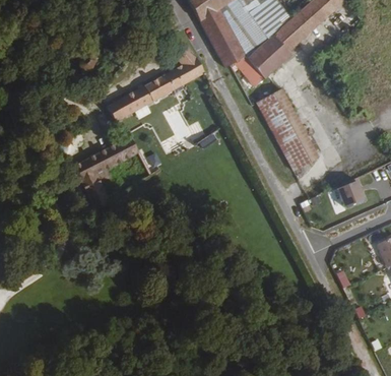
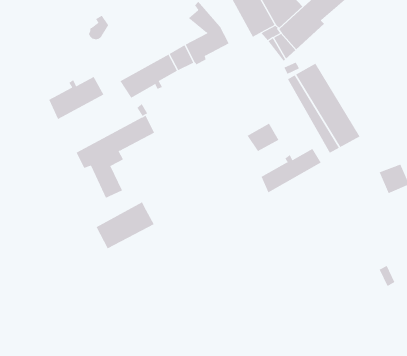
building: none -> [49,76,104,120]
building: none -> [247,123,279,152]
building: none -> [261,148,321,193]
building: none -> [96,202,155,249]

